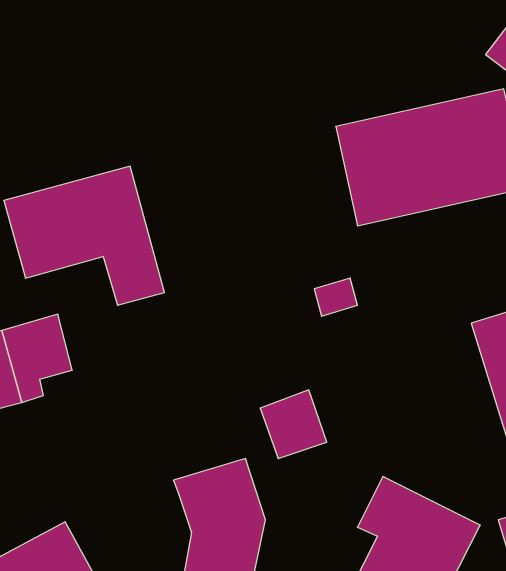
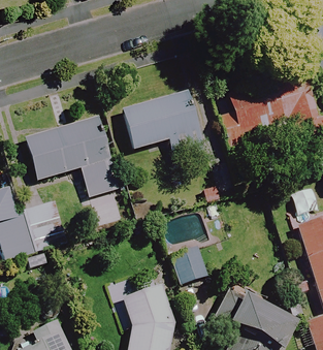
building: none -> [122,92,206,168]

